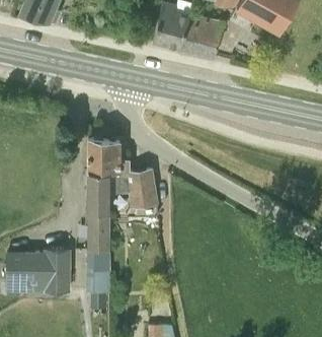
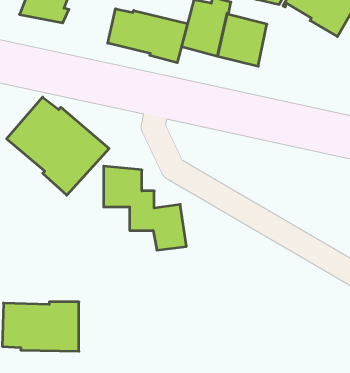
building: none -> [108,9,188,63]
building: none -> [7,97,109,195]
building: [88,173,110,293] -> none

